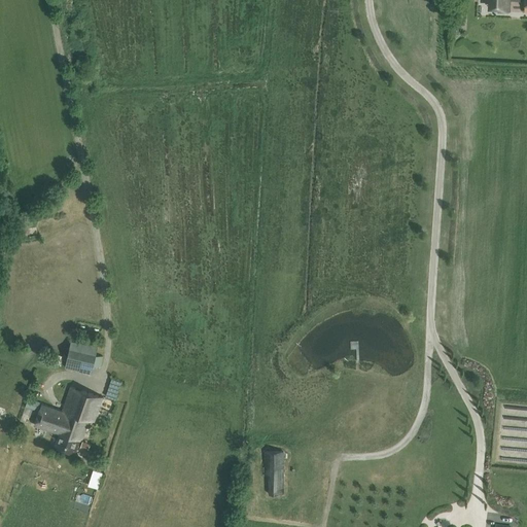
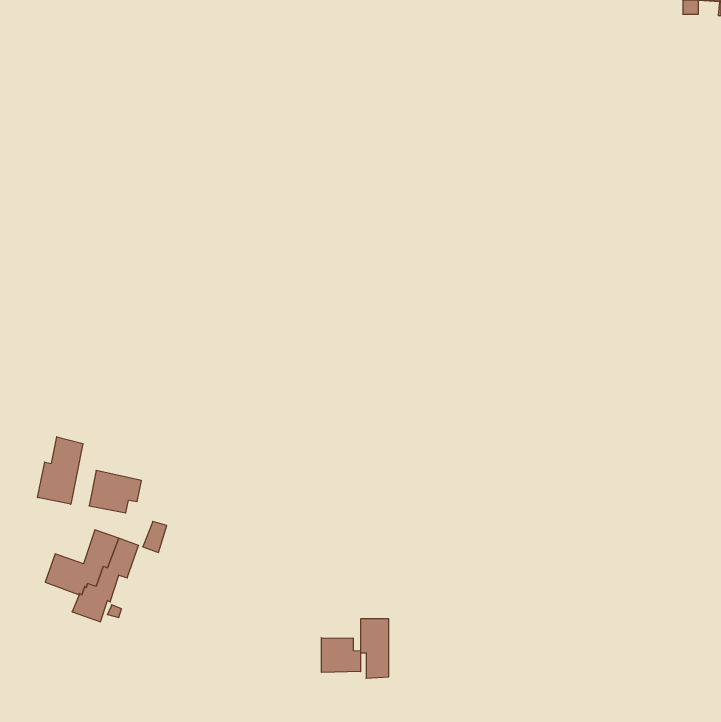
building: none -> [38,437,83,504]
building: none -> [321,638,361,672]

